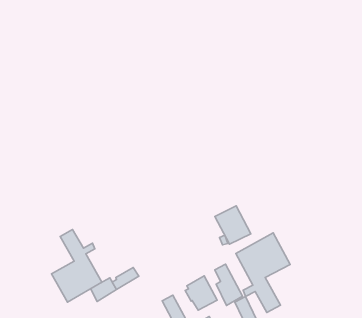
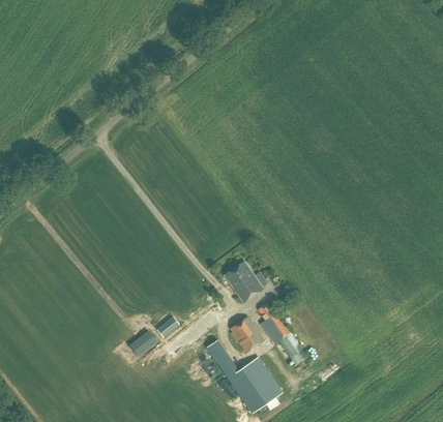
building: [215,206,251,244] -> [223,262,262,302]
building: [52,229,102,302] -> none
building: [236,233,290,313] -> none

